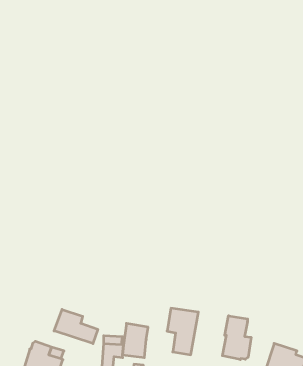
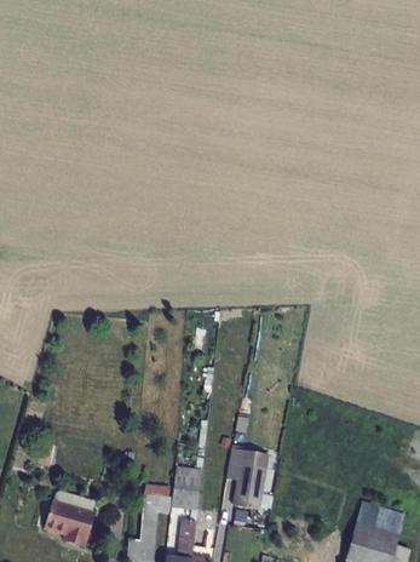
building: [54,309,98,344] -> none
building: [222,316,251,360] -> none

